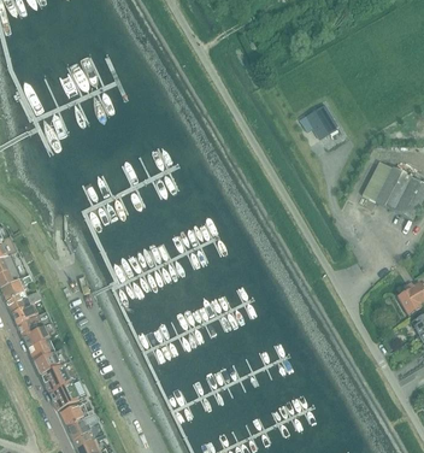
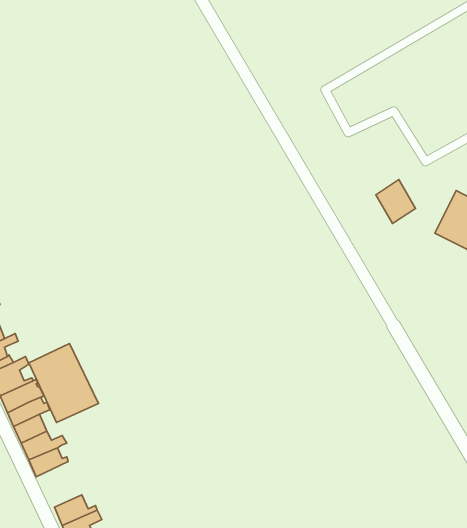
building: [306,104,337,139] -> [376,179,415,224]
building: none -> [29,343,98,423]
building: [46,375,78,410] -> none

